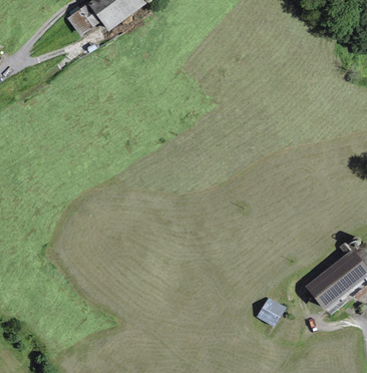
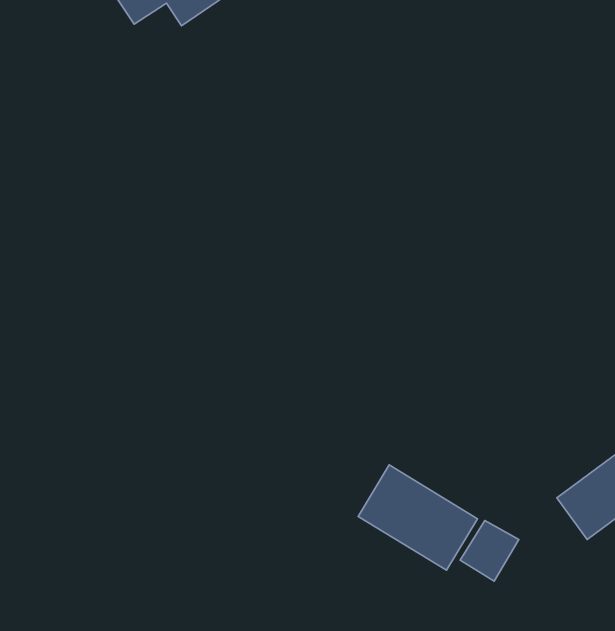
building: none -> [358,465,477,570]

